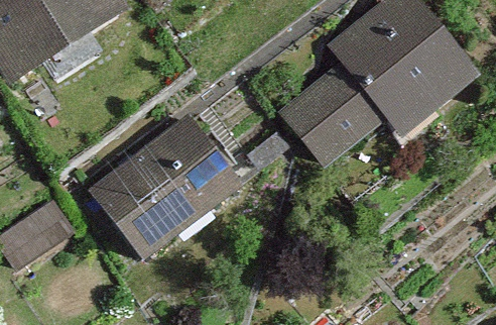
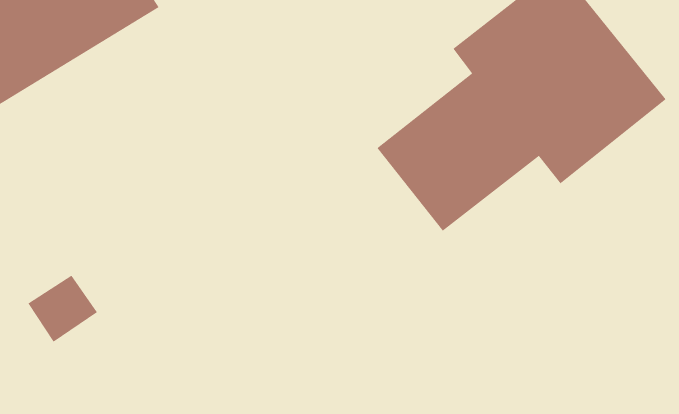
building: [89,116,242,259] -> none

